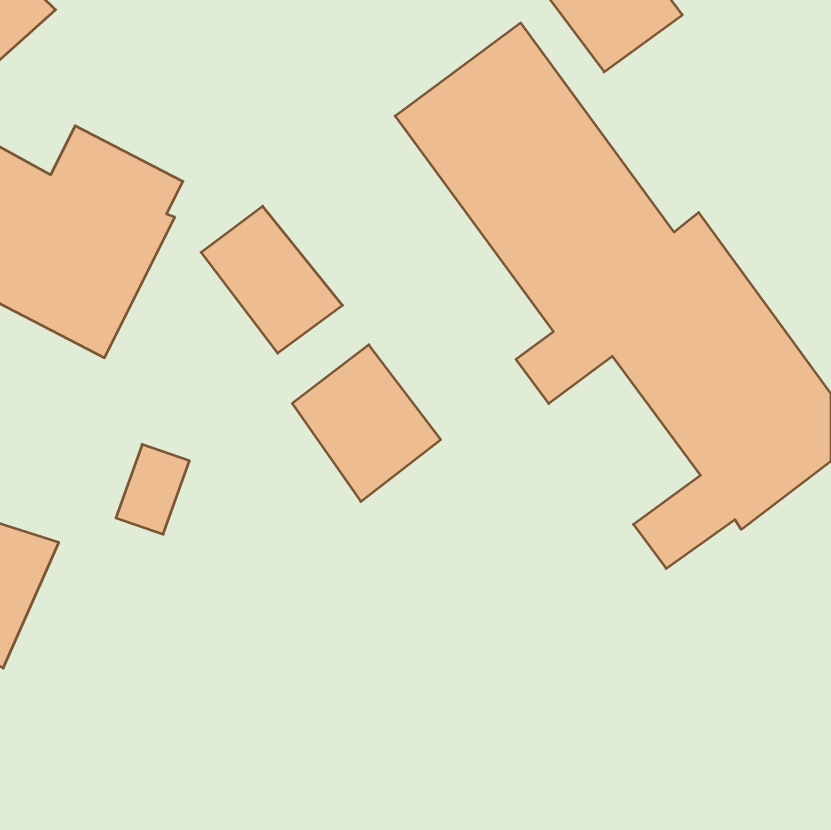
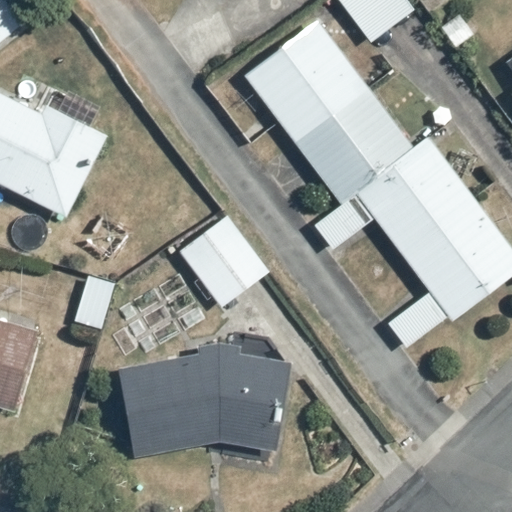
building: [201,206,343,353] -> none
building: none -> [114,342,289,460]

